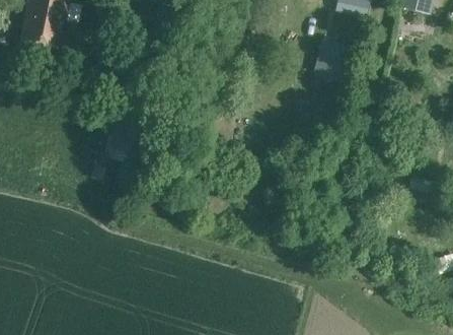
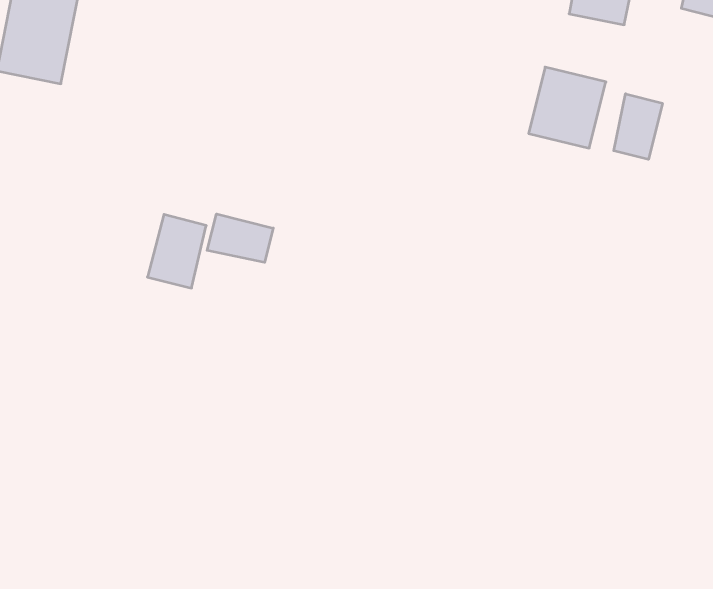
building: none -> [614,94,662,159]
building: none -> [207,214,273,262]

